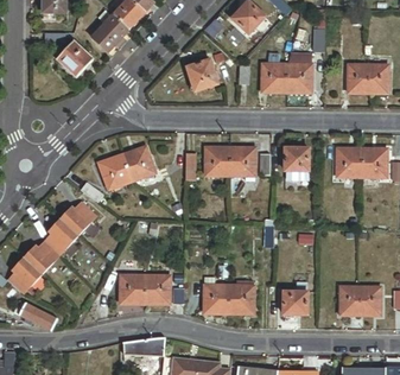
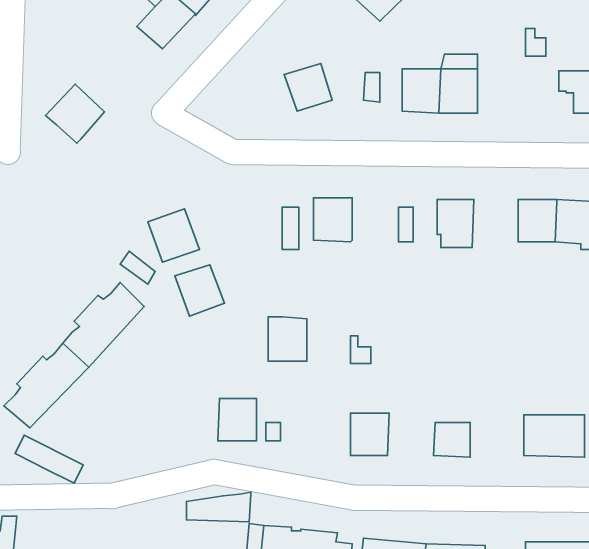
building: [55,39,93,77] -> [46,84,105,143]
building: [348,64,373,91] -> none
building: [122,146,154,179] -> [175,265,225,316]
building: [230,146,254,174] -> none
building: [120,275,145,303] -> none
building: [204,284,229,312] -> [268,317,307,361]

